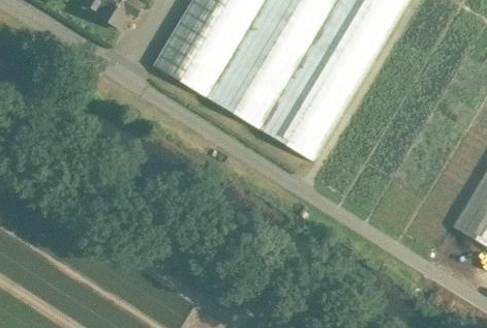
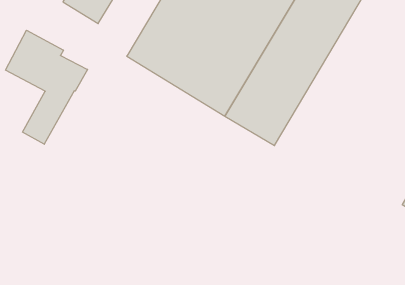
building: none -> [6,30,88,144]

